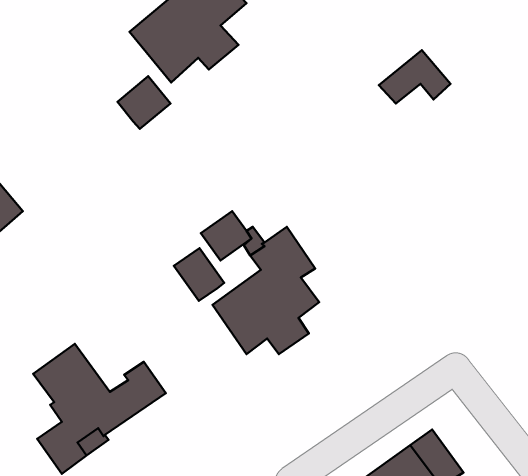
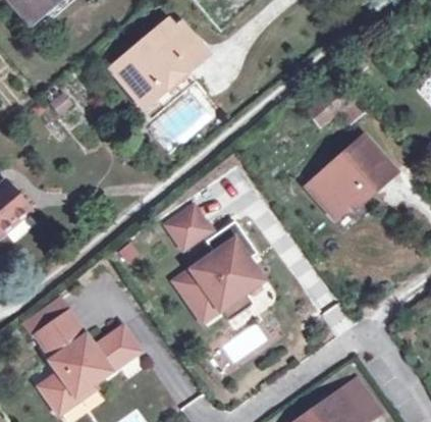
building: [117,76,171,129] -> none
building: none -> [306,137,394,217]
building: [174,248,224,301] -> none

